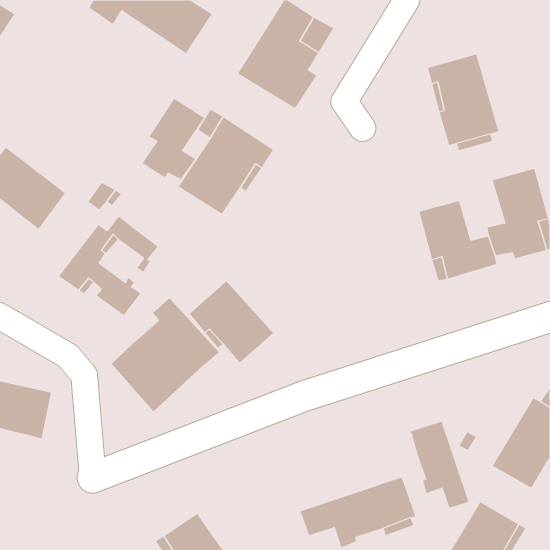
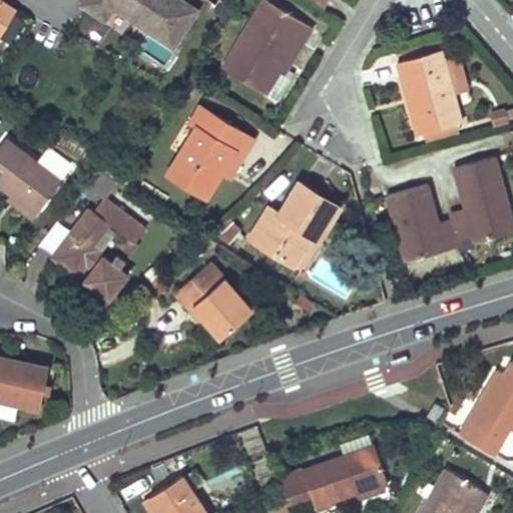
building: [142,98,205,180] -> none
building: none -> [247,182,339,273]
building: [111,297,220,412] -> none
building: [410,421,469,509] -> none

